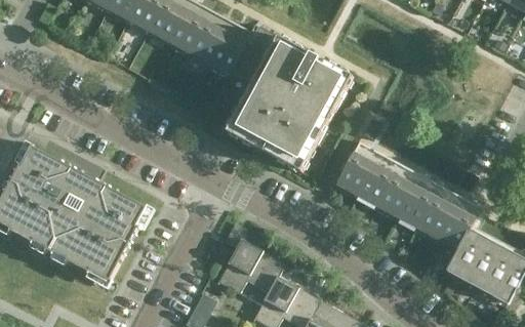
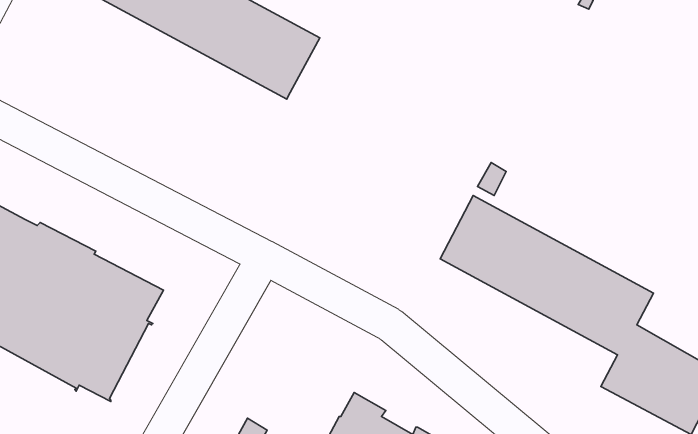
building: [225,26,351,172] -> none
building: [215,239,281,293] -> none

